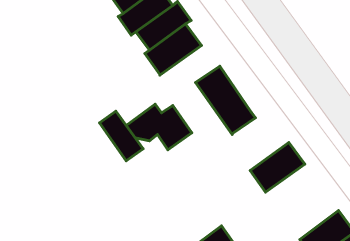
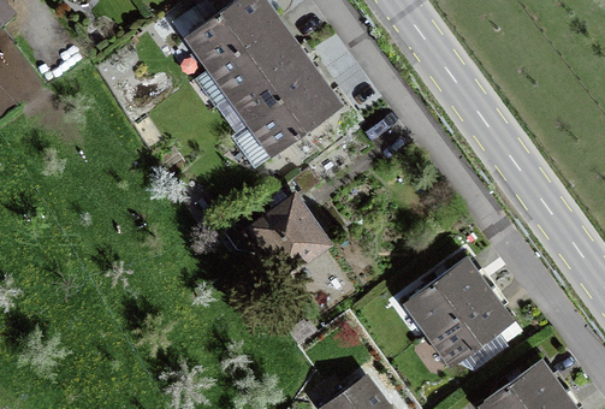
building: [196,66,256,134] -> none
building: [99,111,143,161] -> none
building: none -> [432,289,514,363]

